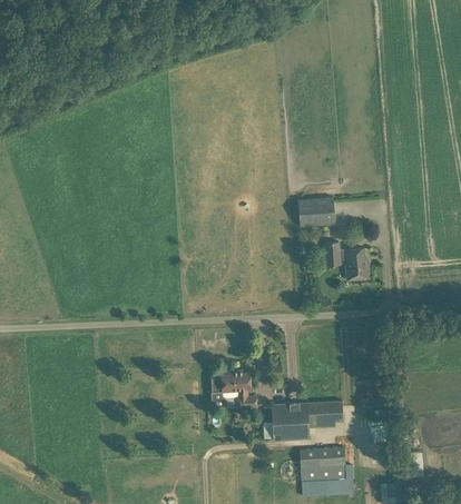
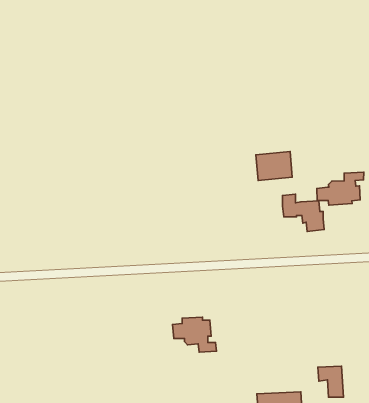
building: none -> [317,172,364,205]
building: [264,401,344,439] -> none

